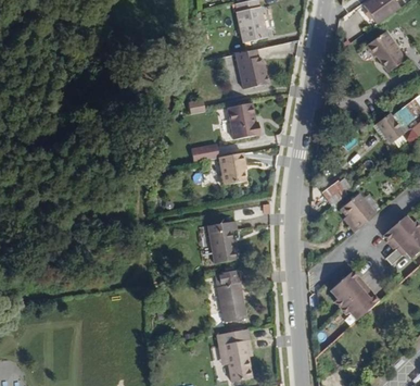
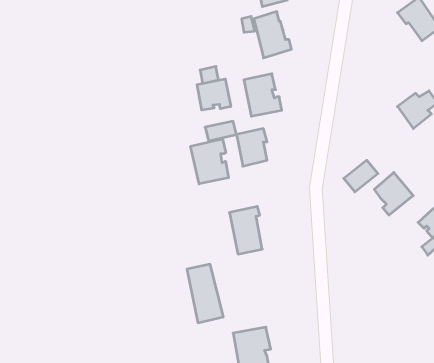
building: none -> [197,79,231,110]
building: none -> [191,139,229,184]
building: [214,270,246,322] -> [187,264,223,323]
building: [330,271,378,321] -> none

